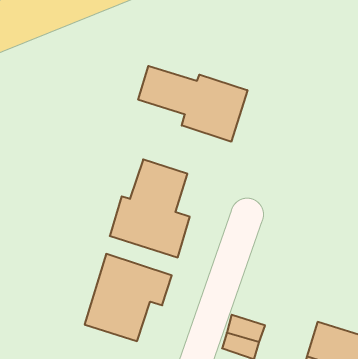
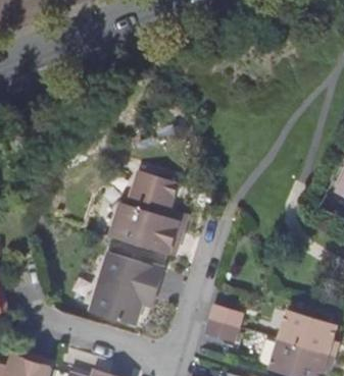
building: [138,66,247,142] -> none

